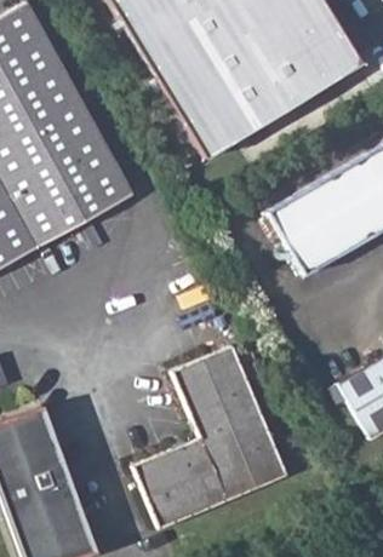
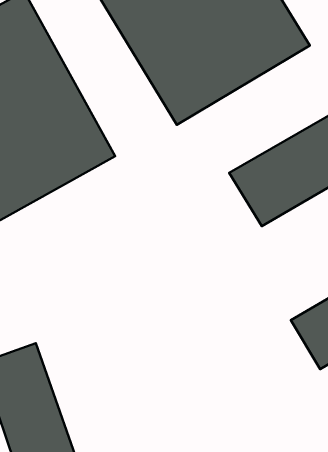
building: [133,344,290,528] -> none

